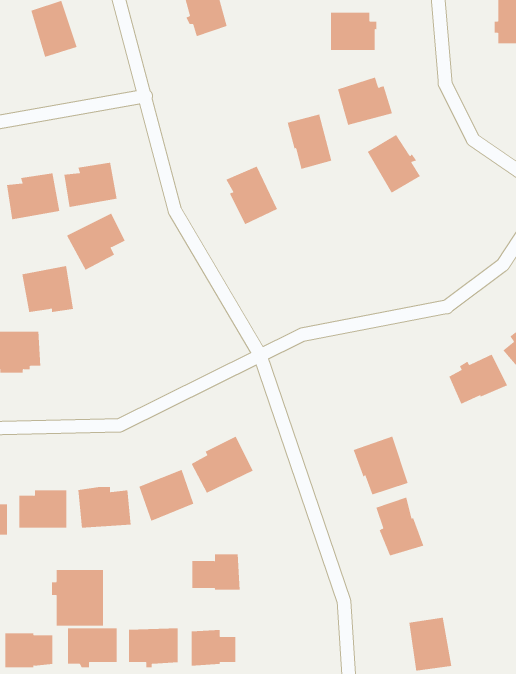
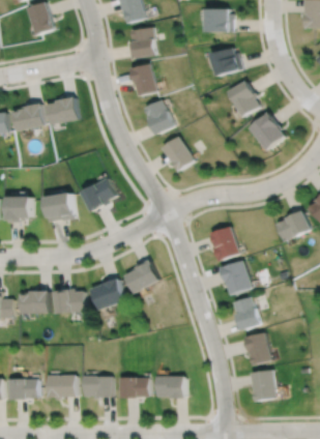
building: none -> [126,26,155,58]
building: [287,114,332,170] -> [129,63,156,96]
building: none -> [249,113,285,150]
building: [66,213,125,270] -> [82,179,117,213]
building: none -> [161,137,194,172]
building: [22,266,74,313] -> [46,194,77,222]
building: none -> [209,227,239,261]
building: [192,554,240,590] -> [156,374,185,396]
building: none -> [244,332,270,365]
building: [52,569,103,626] -> none

